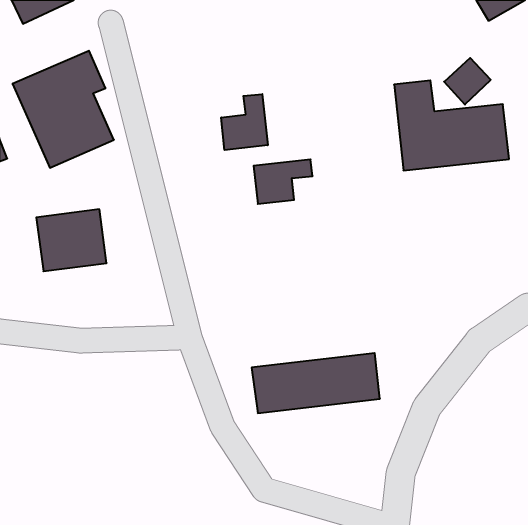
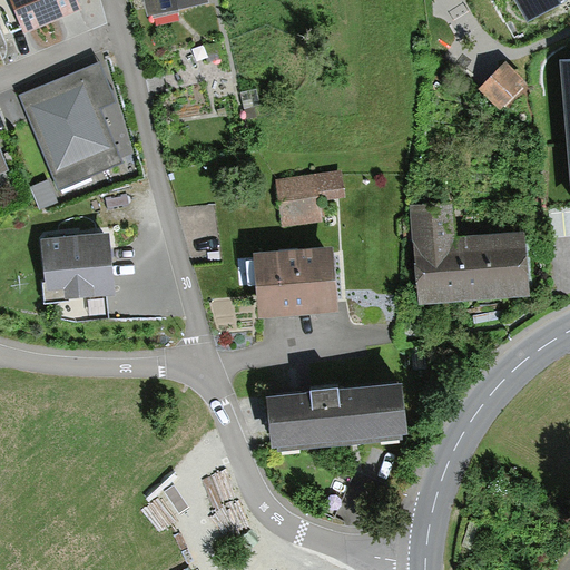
building: [394,80,509,170] -> [411,207,534,304]
building: [221,94,268,150] -> none
building: none -> [255,250,337,316]

